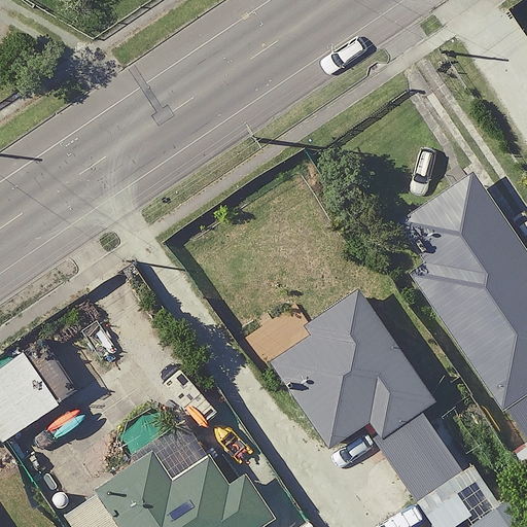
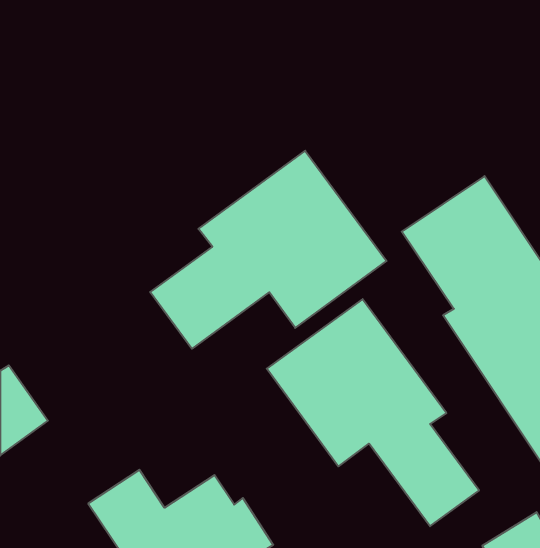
building: none -> [150,151,387,349]

